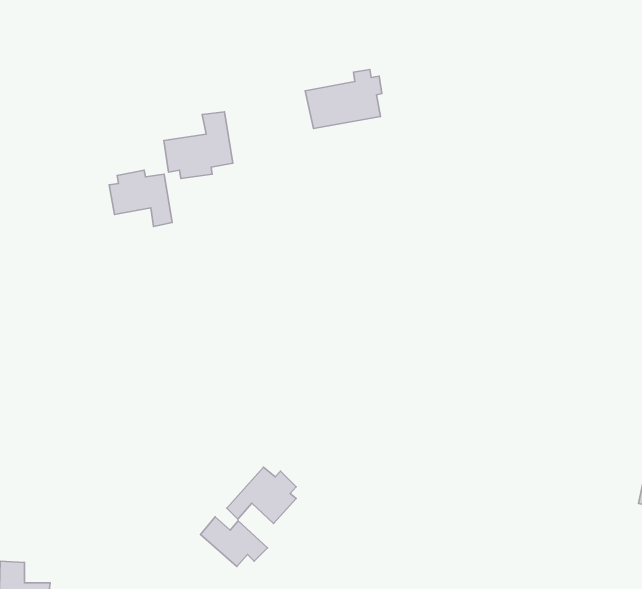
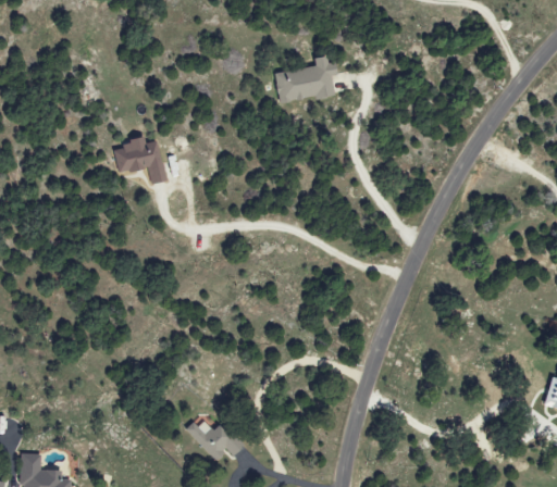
building: [164,112,233,179] -> none
building: [227,467,296,523] -> none

